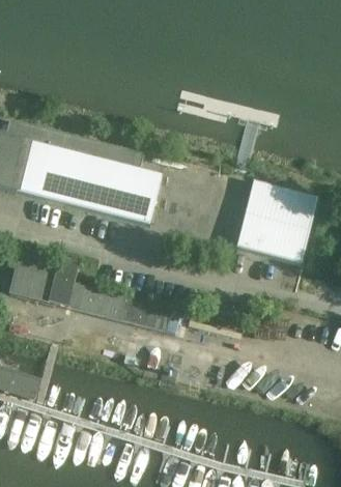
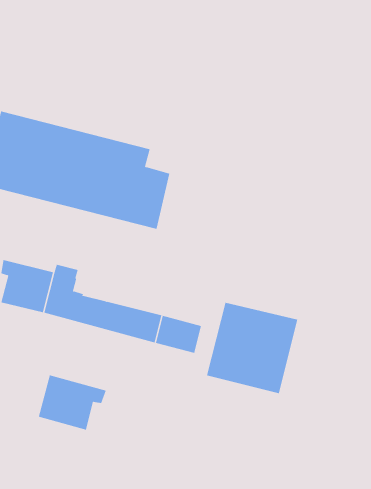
building: [235,182,317,264] -> [206,302,298,394]
building: none -> [38,375,106,430]

